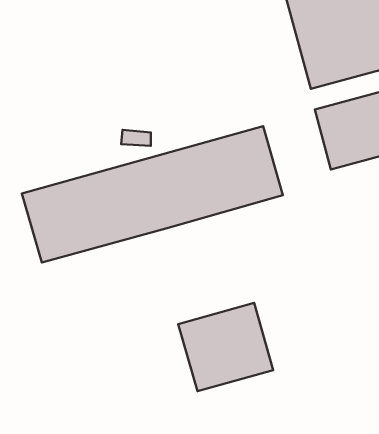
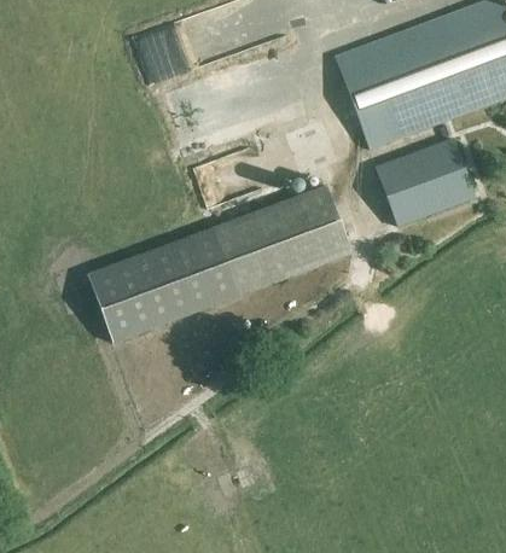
building: [178,303,273,391] -> none

